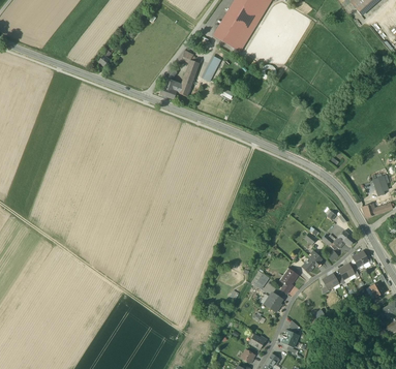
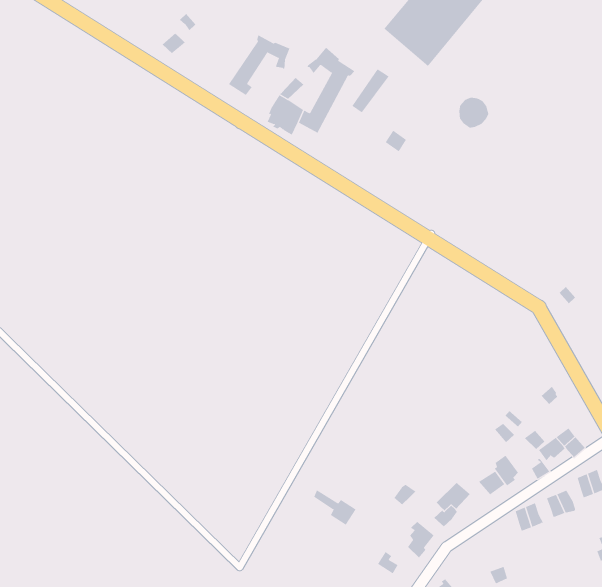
building: none -> [228,34,290,96]

